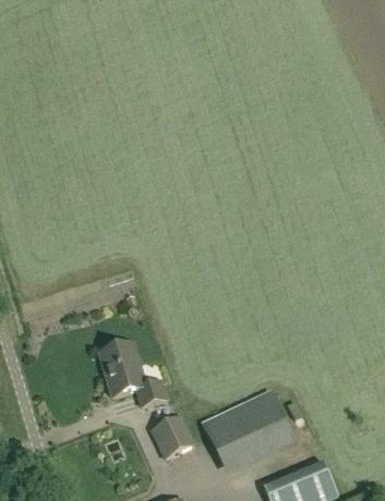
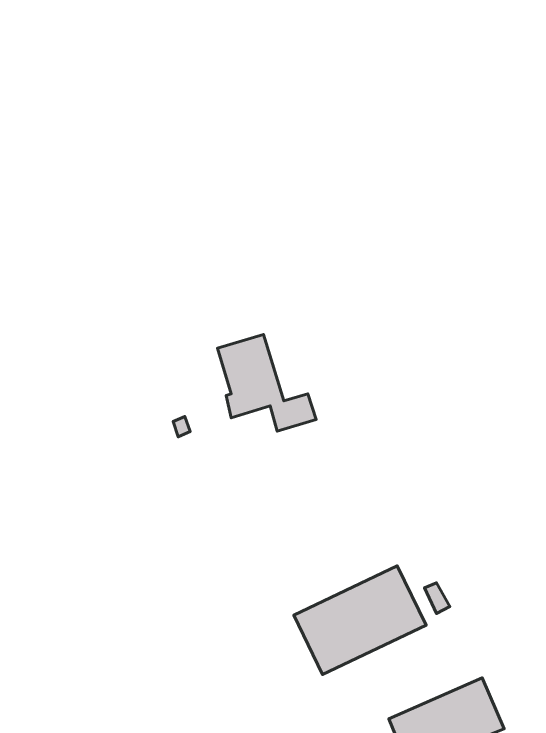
building: [103,343,166,405] -> [218,334,316,431]
building: [152,416,193,457] -> none

